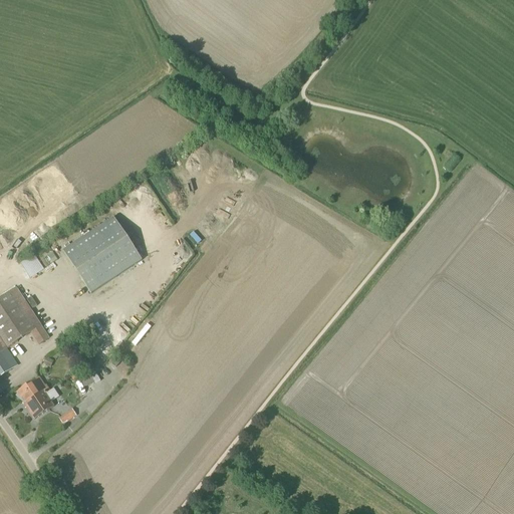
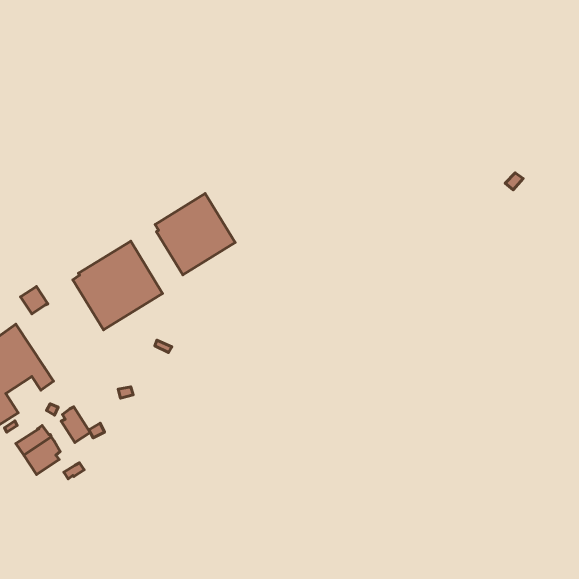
building: none -> [155,194,235,275]
building: none -> [61,407,90,442]

